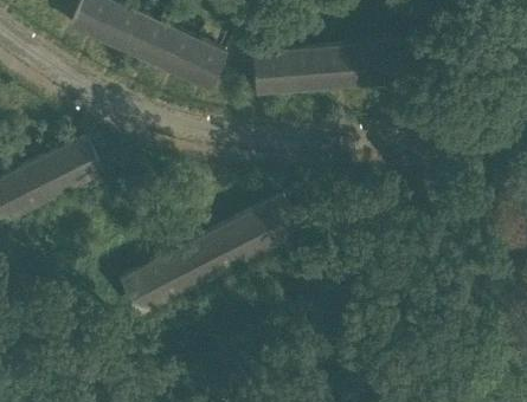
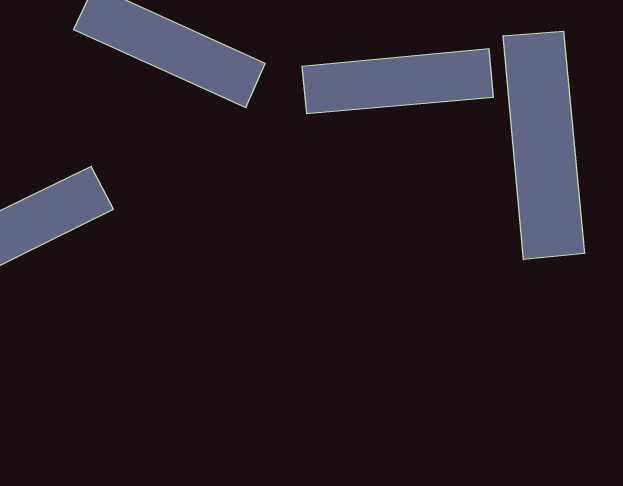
building: none -> [503,31,584,260]
building: [121,196,298,313] -> none

